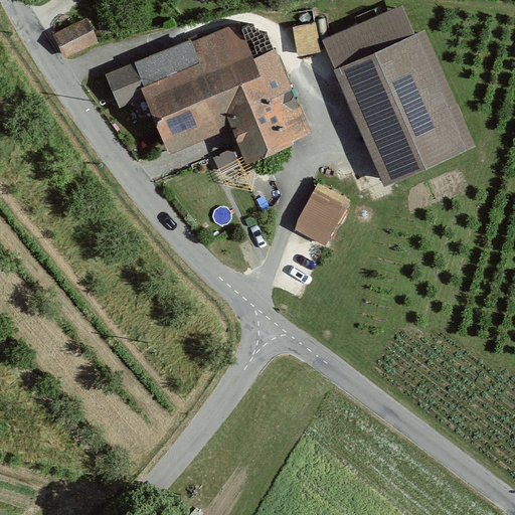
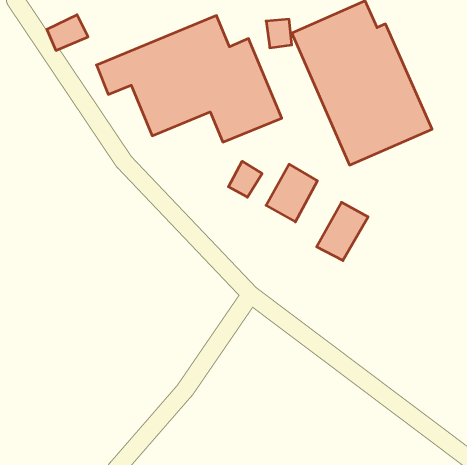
building: none -> [228,161,262,197]
building: none -> [317,202,368,261]

